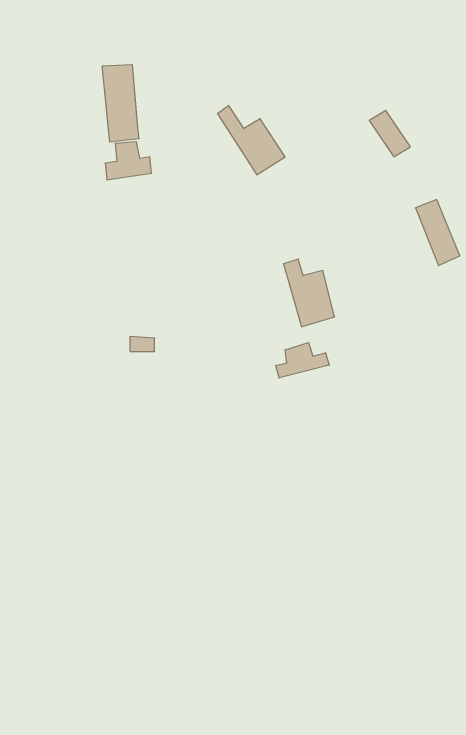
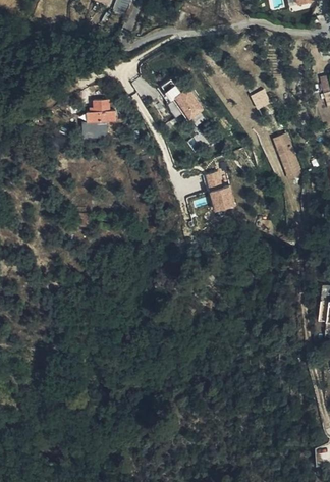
building: [102,64,139,142] -> none
building: [276,343,329,378] -> none

